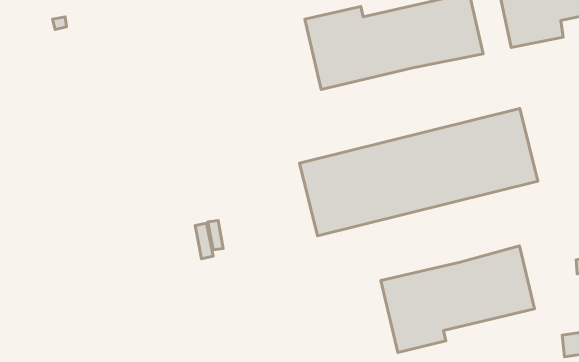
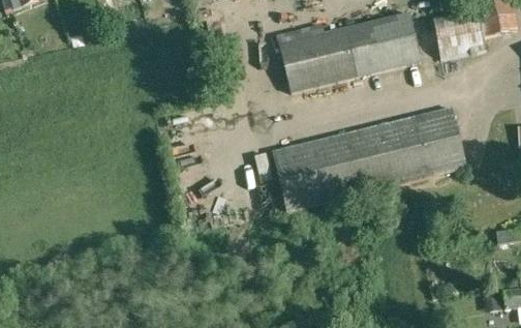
building: [381,246,535,352] -> none

